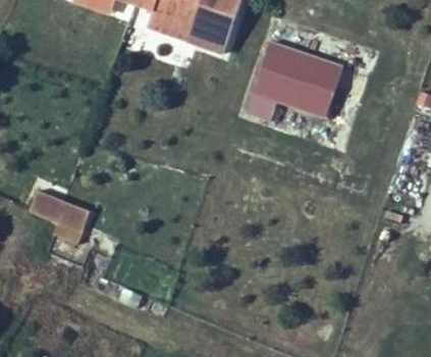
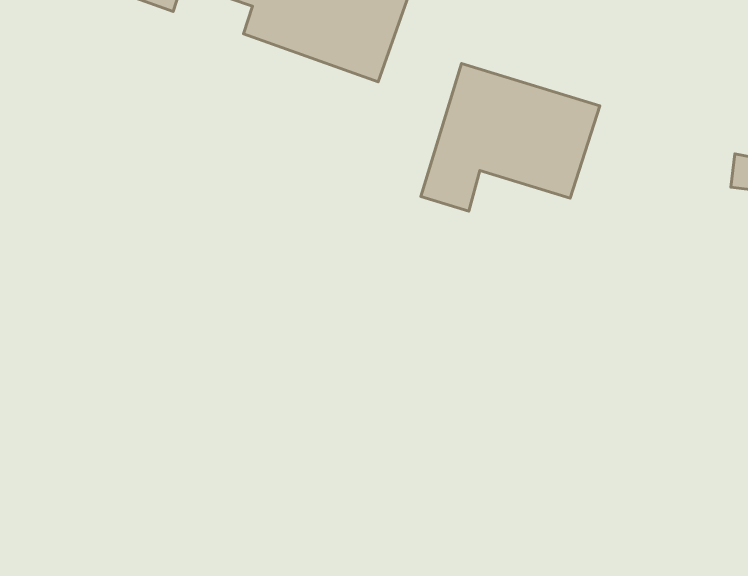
building: [30,191,93,243] -> none

